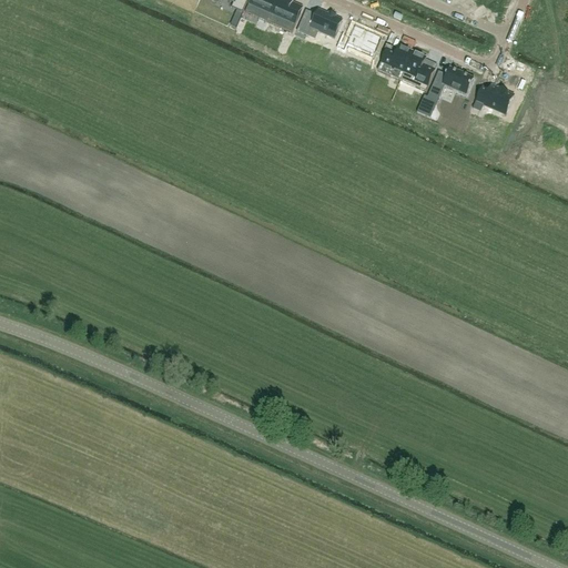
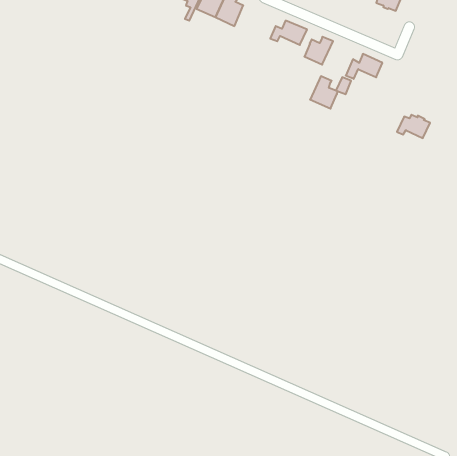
building: [295,9,341,38] -> none
building: [398,51,433,91] -> [310,76,338,109]
building: [471,85,513,114] -> [397,115,430,138]

